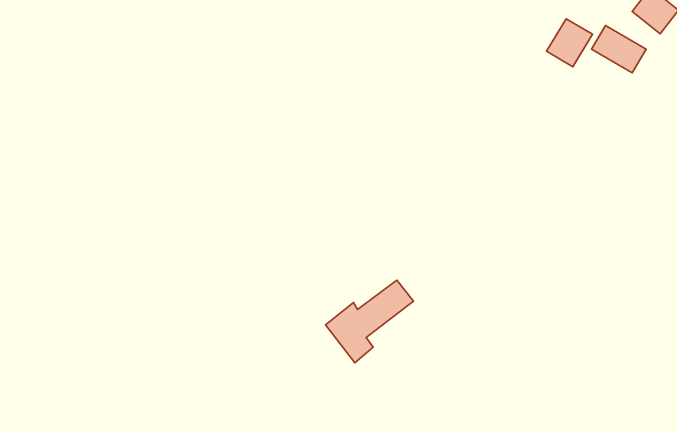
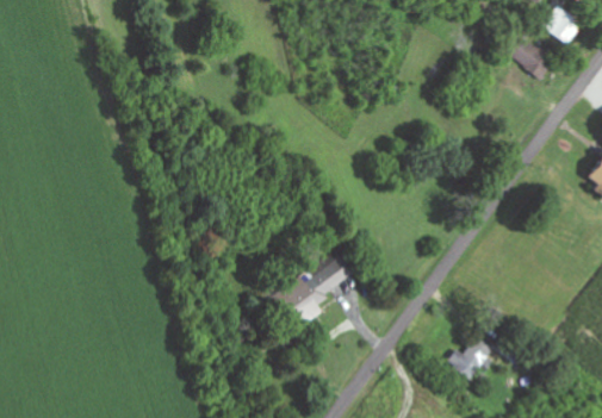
building: [546,19,592,67] -> none
building: none -> [447,336,494,379]

